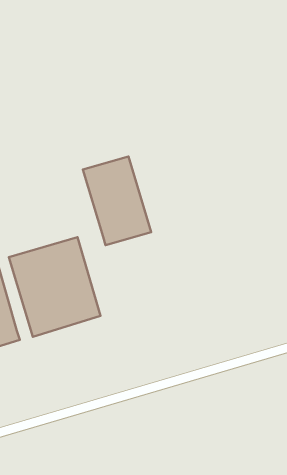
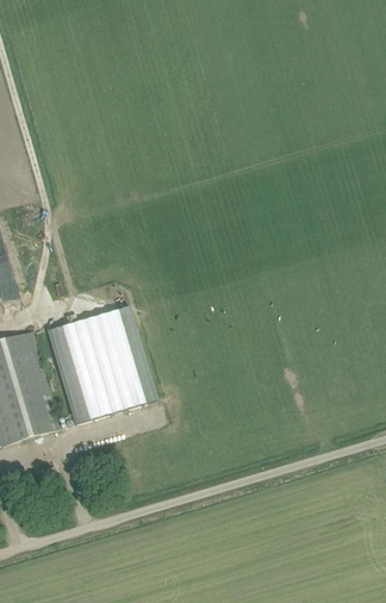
building: [83,156,151,245] -> none

